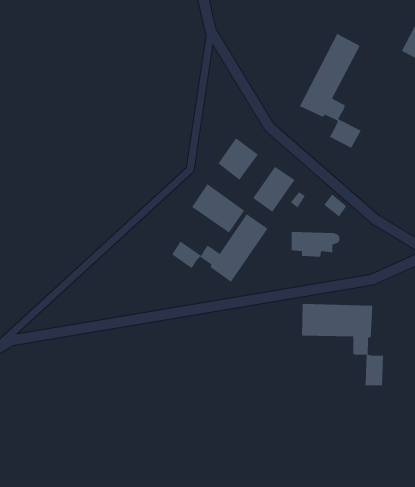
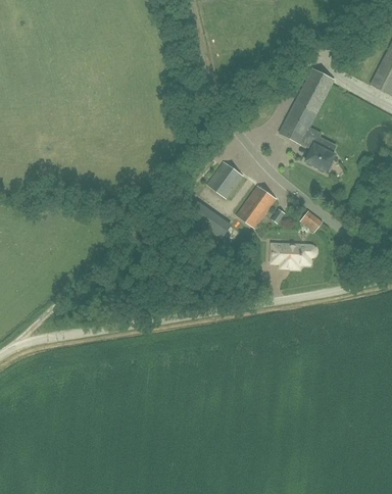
building: [171,213,269,283] -> none
building: [301,303,384,386] -> none

